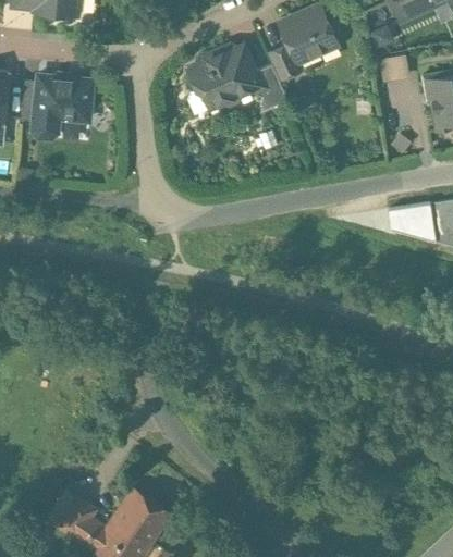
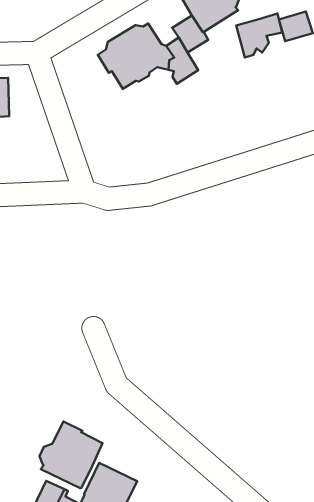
building: none -> [236,13,282,57]
building: none -> [39,421,103,488]

